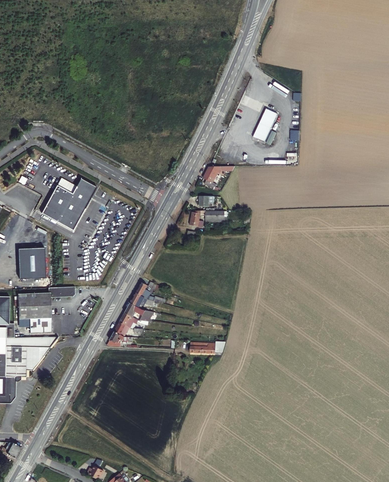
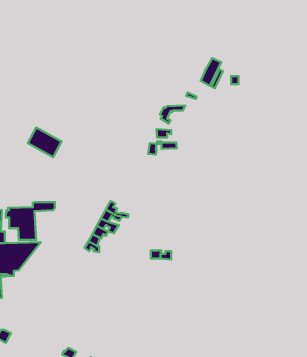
building: [52,179,97,211] -> none
building: [18,246,45,277] -> none

